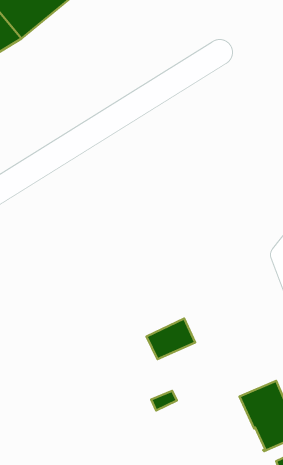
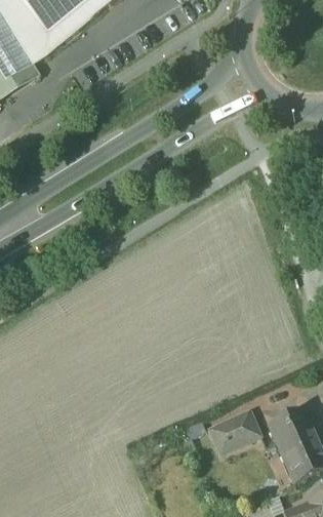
building: [147,319,195,359] -> [210,412,260,454]

